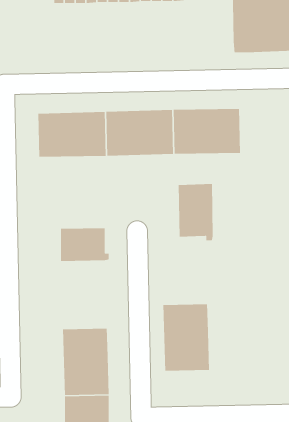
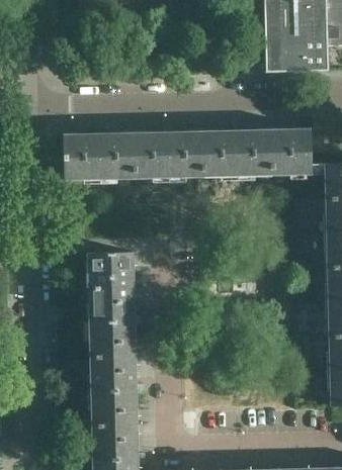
building: none -> [272,127,313,175]
building: [178,183,214,241] -> none
building: [162,303,210,371] -> [88,285,137,355]

